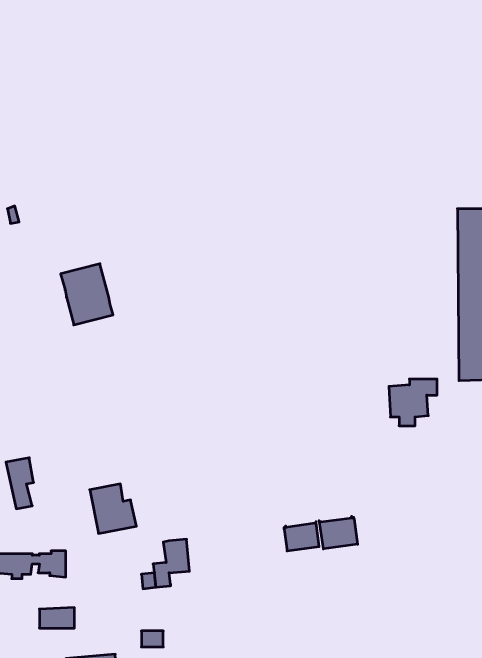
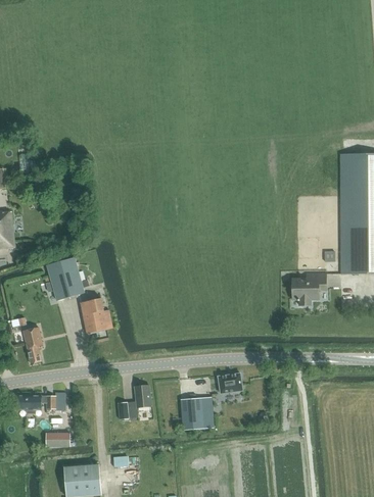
building: [61,264,113,325] -> [47,258,84,301]
building: [90,484,136,533] -> [80,298,112,333]
building: [319,516,358,549] -> none
building: none -> [180,397,215,431]

